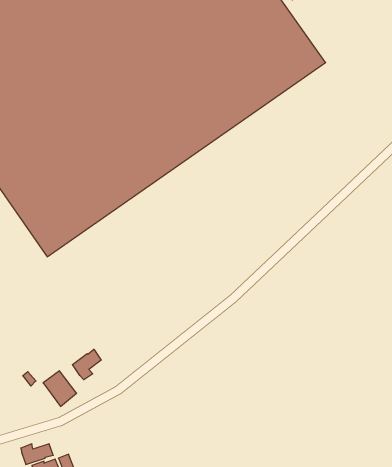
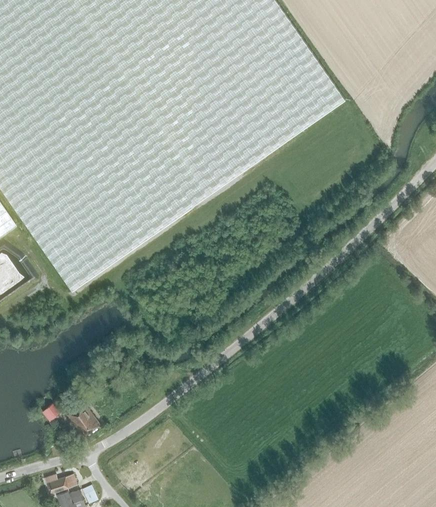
building: [72,349,101,380] -> none

